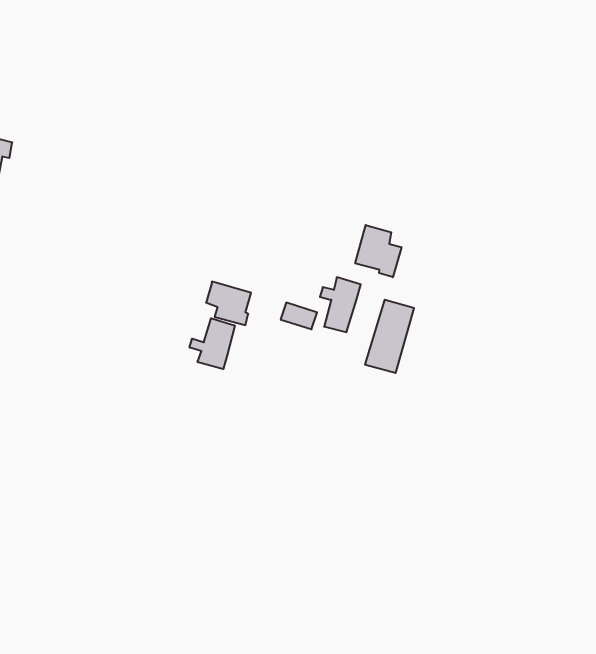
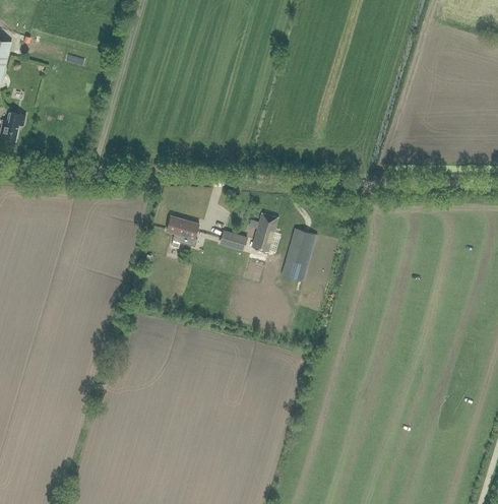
building: [355,225,401,277] -> none
building: [190,318,235,369] -> none

